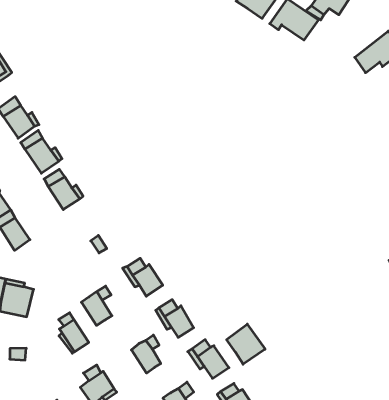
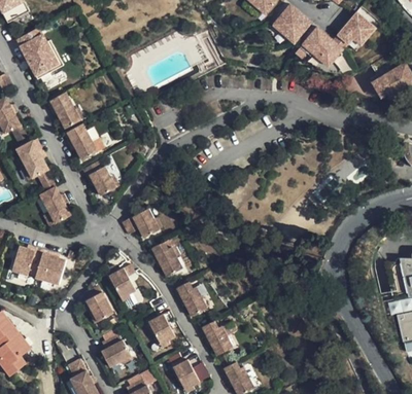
building: none -> [133,210,159,238]
building: [227,324,265,364] -> none

